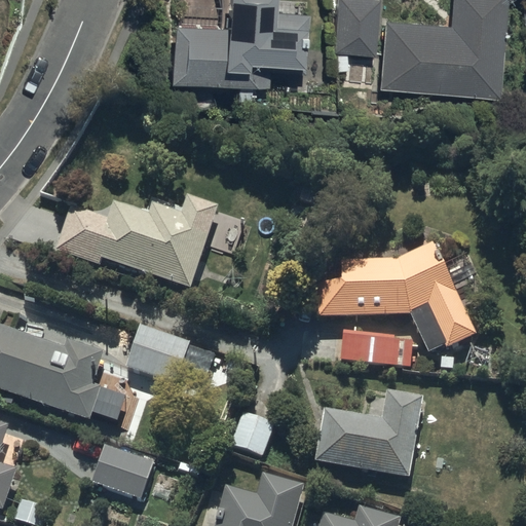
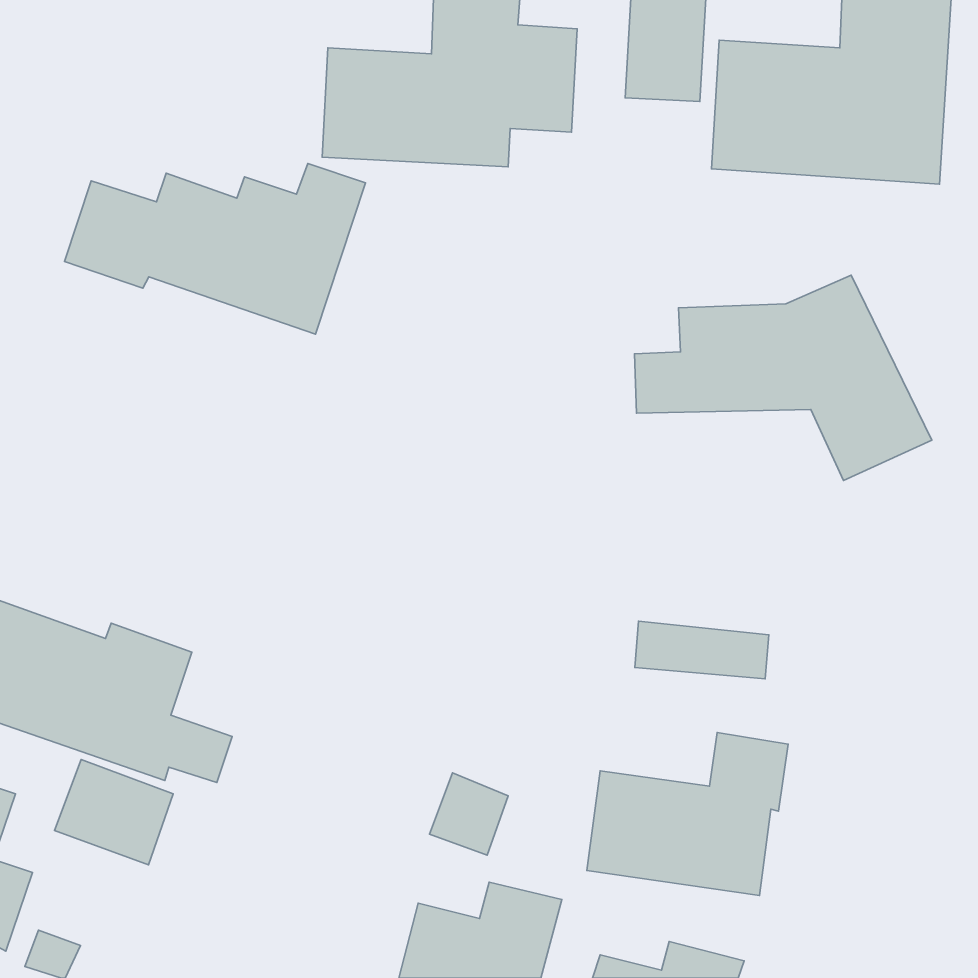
building: [55,195,217,287] -> [64,164,365,334]
building: [315,240,475,350] -> [634,275,932,480]
building: [124,324,189,382] -> none
building: [89,442,153,498] -> [54,759,173,865]

